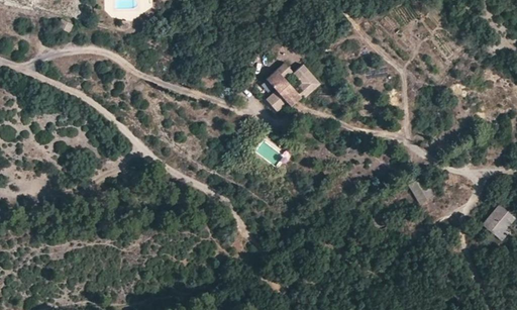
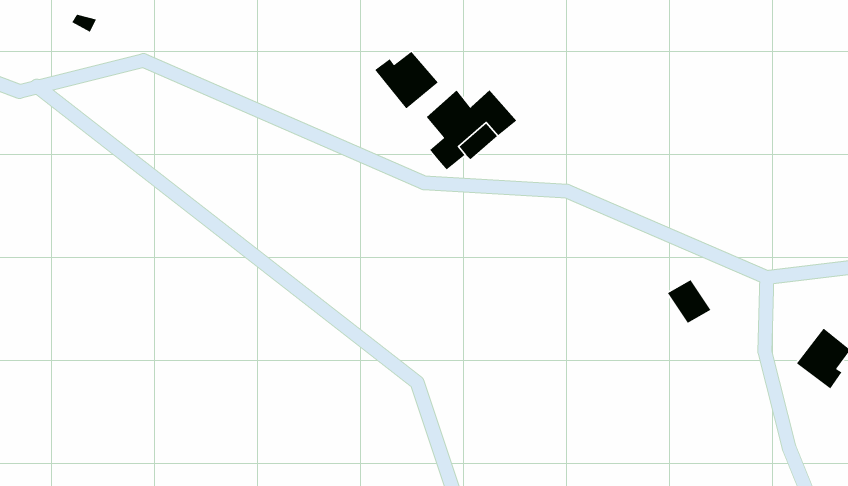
building: none -> [374,51,439,109]

